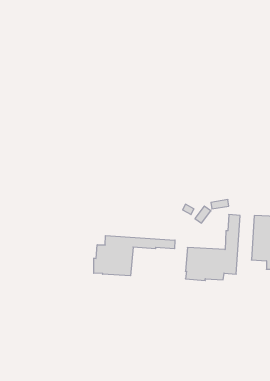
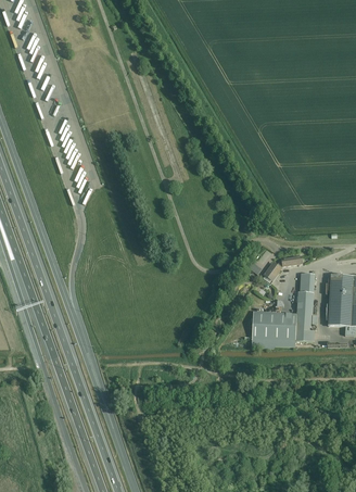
building: [94,236,175,276] -> none

